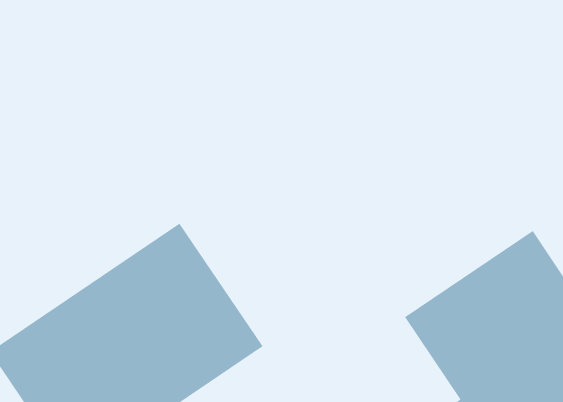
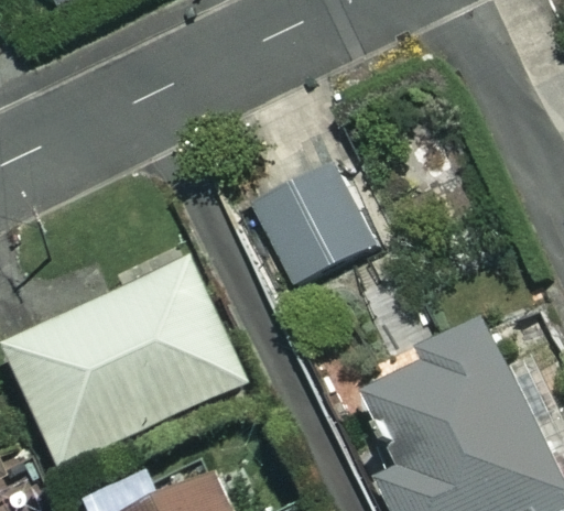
building: none -> [254,159,372,279]

